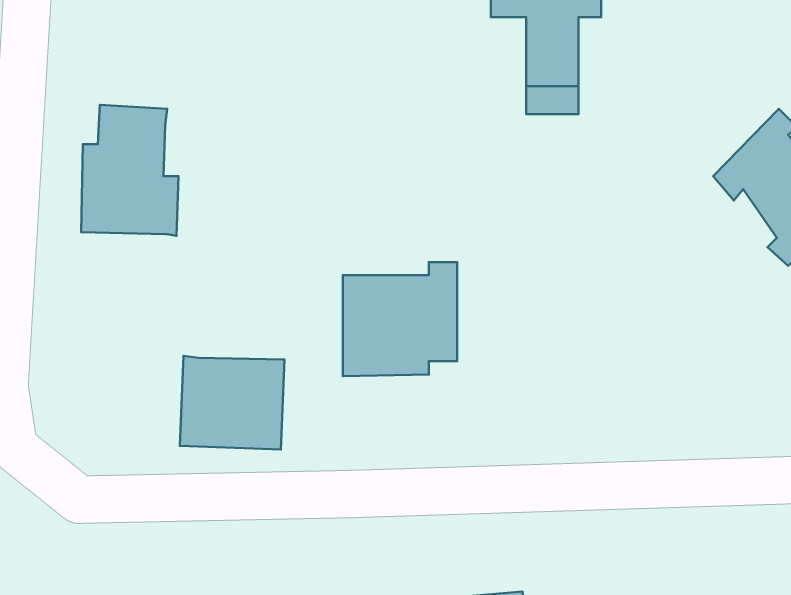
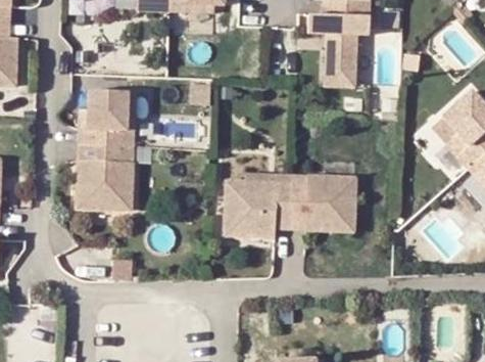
building: none -> [290,173,353,228]
building: [180,356,284,449] -> [75,156,132,208]

